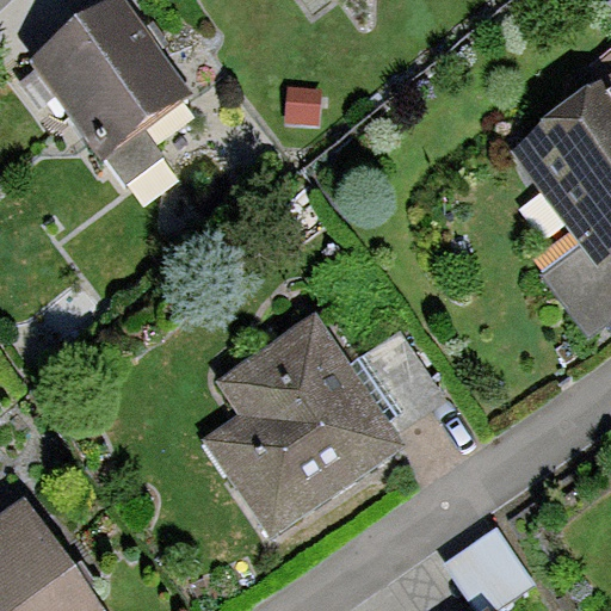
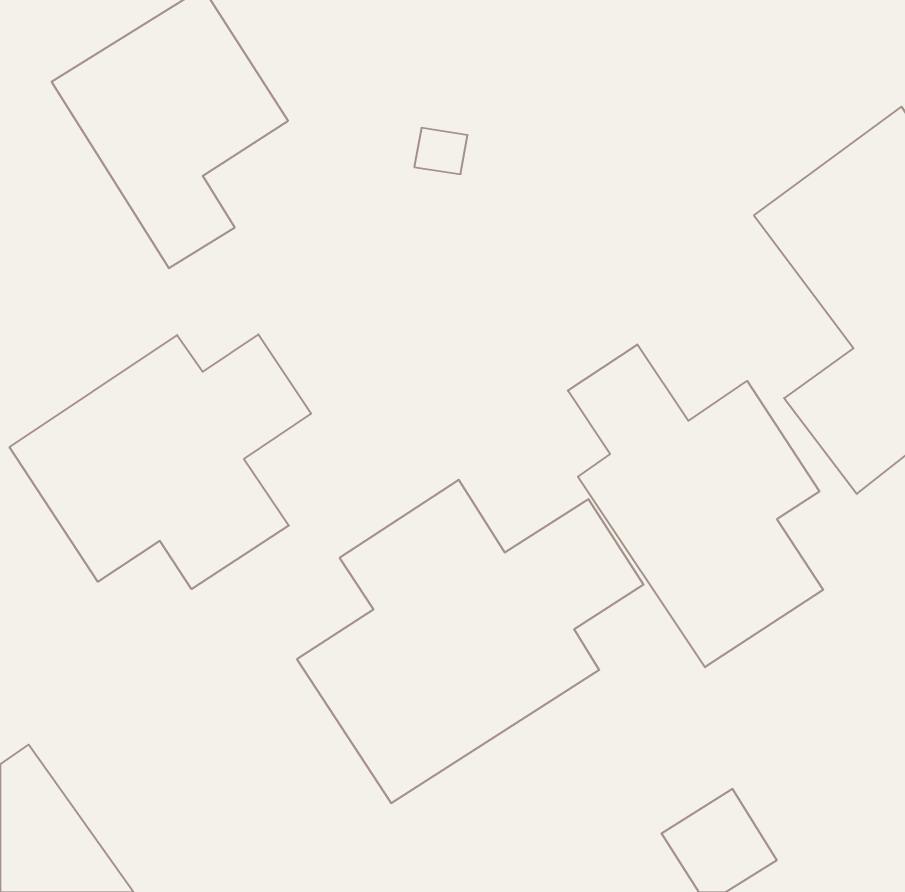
building: none -> [10,334,311,589]
building: none -> [568,344,823,667]

